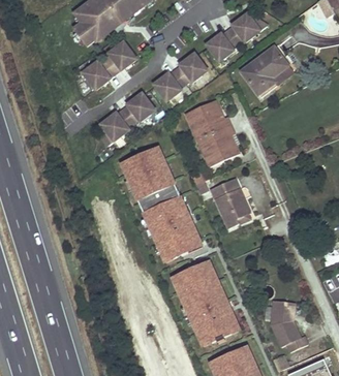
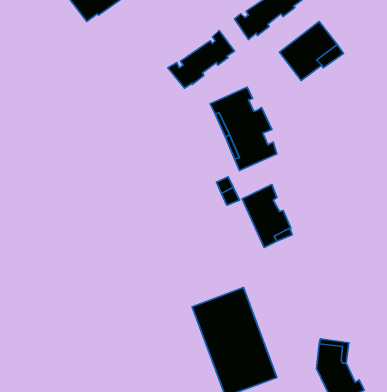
building: [83,43,135,88] -> none
building: [97,93,152,145] -> none
building: [121,145,201,263] -> none

